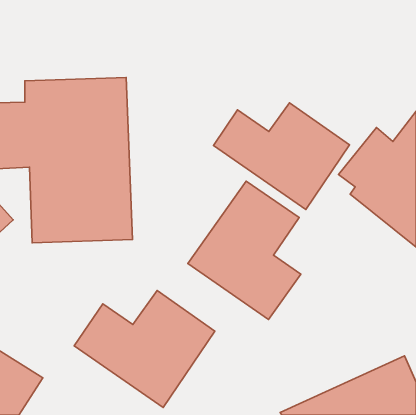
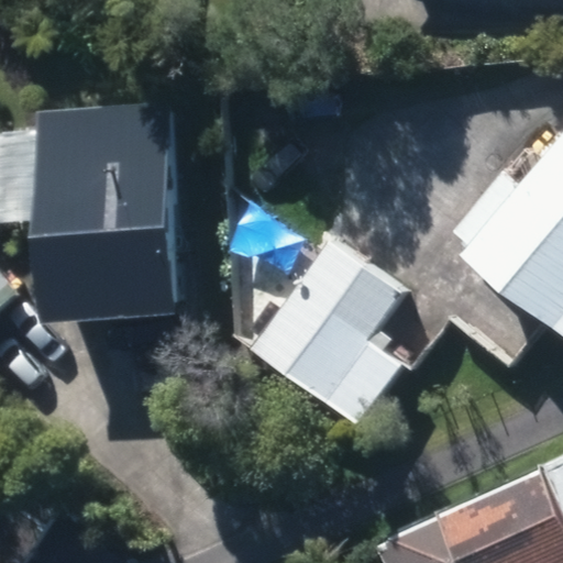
building: [214,103,349,209] -> none
building: [74,291,215,408] -> none

